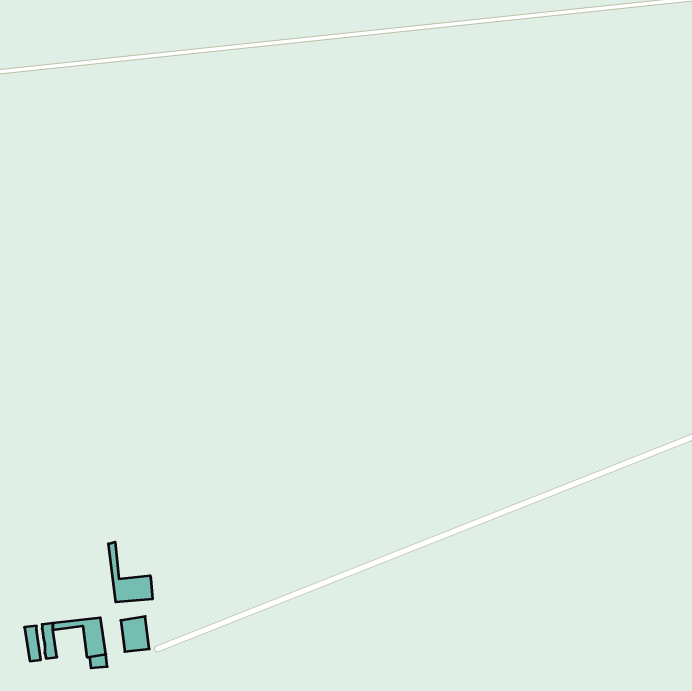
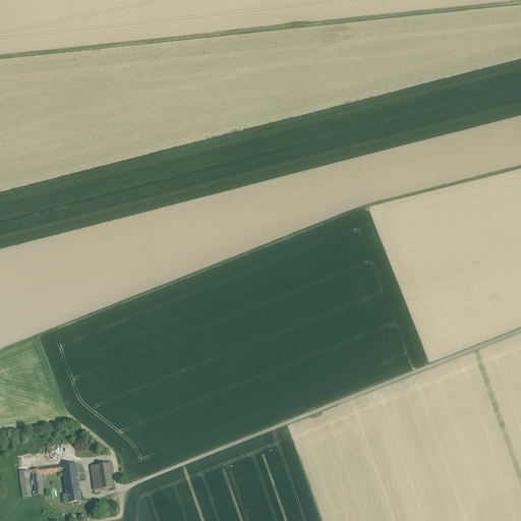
building: [108,542,152,602] -> none

